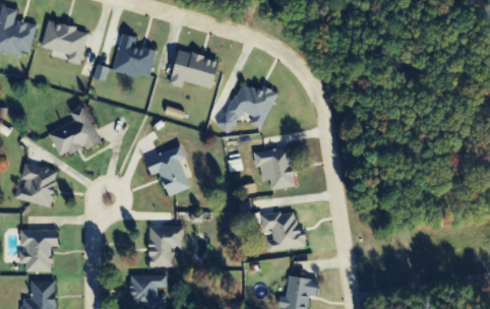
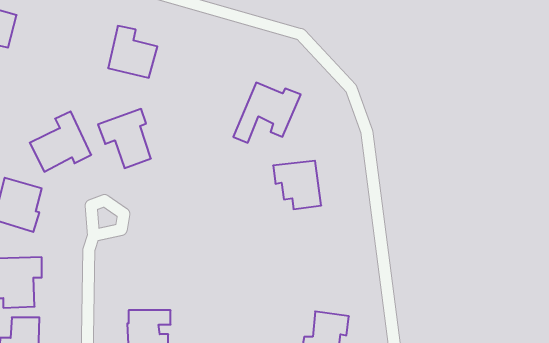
building: [41,21,88,64] -> none
building: [167,48,218,89] -> none
building: [144,146,189,196] -> [98,109,151,168]
building: [260,211,306,251] -> none
building: [148,227,184,266] -> none

